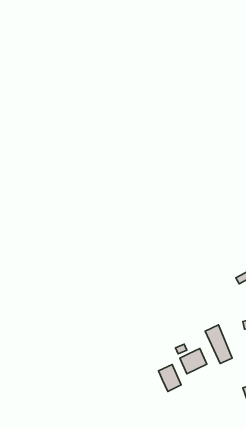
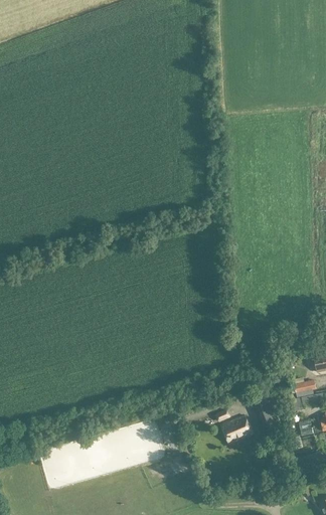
building: [159,364,181,391] -> none

